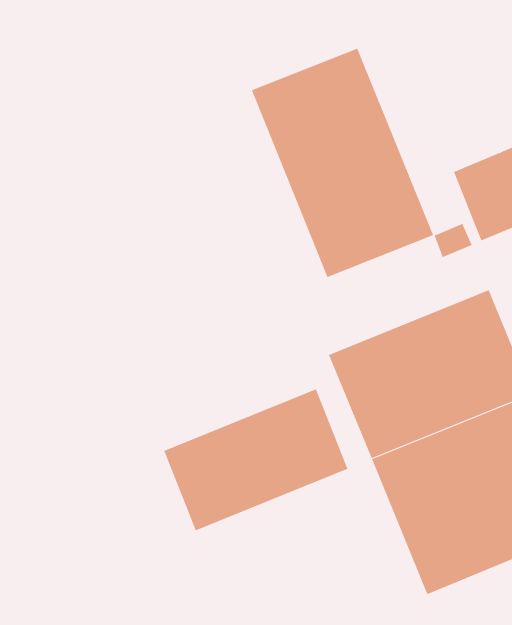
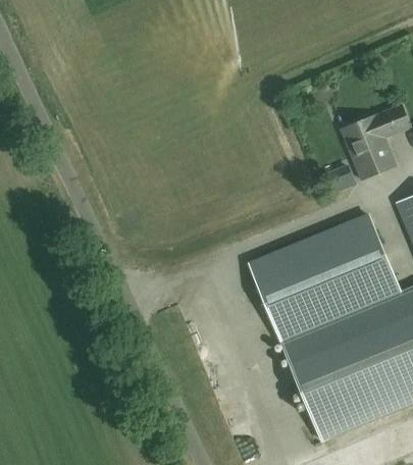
building: [251,48,434,278] -> none
building: [164,389,348,531] -> none

